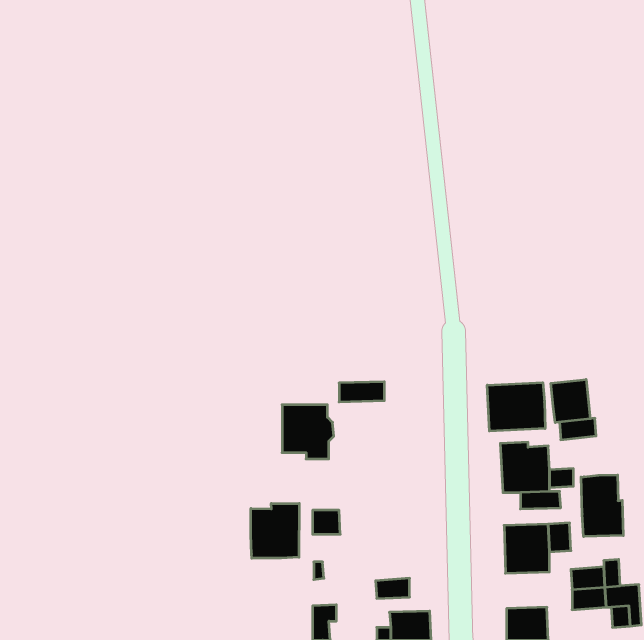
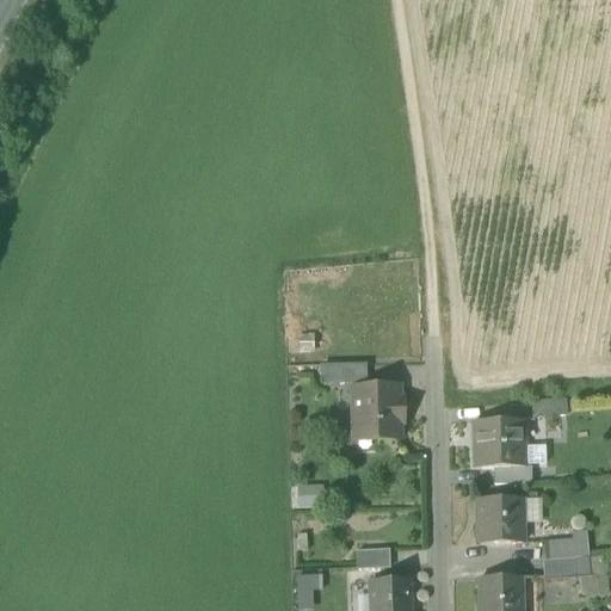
building: [551,379,590,423] -> none
building: [487,383,545,431] -> none
building: [282,405,334,459] -> [353,385,402,437]
building: [581,475,623,537] -> none
building: [251,503,299,558] -> none

